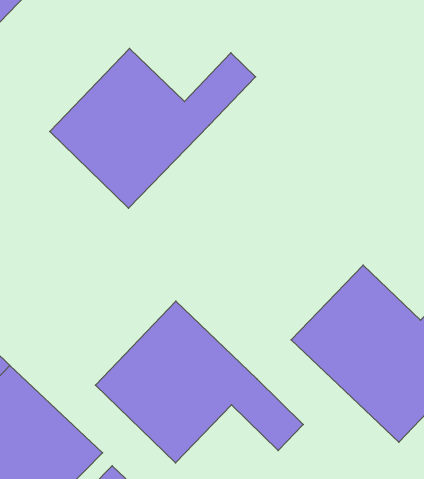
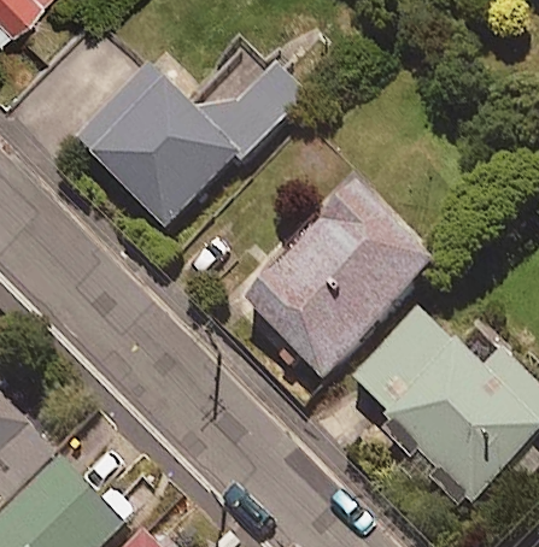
building: none -> [235,186,427,378]
building: [95,301,303,463] -> none

